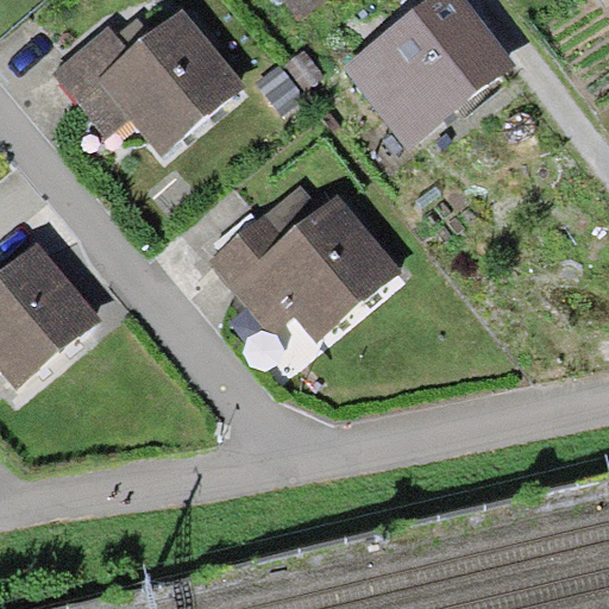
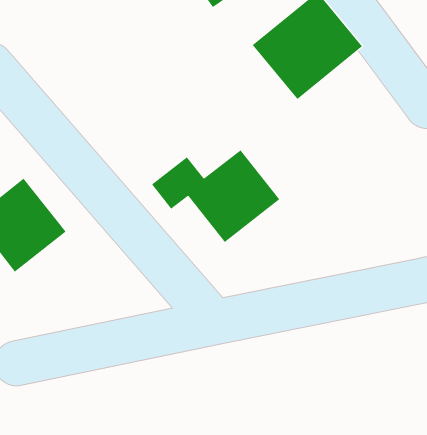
building: [63,18,241,147] -> none

